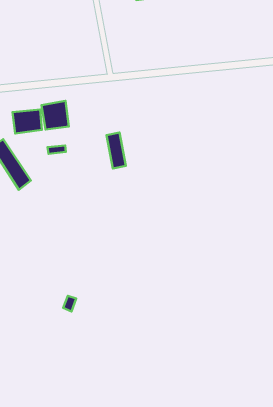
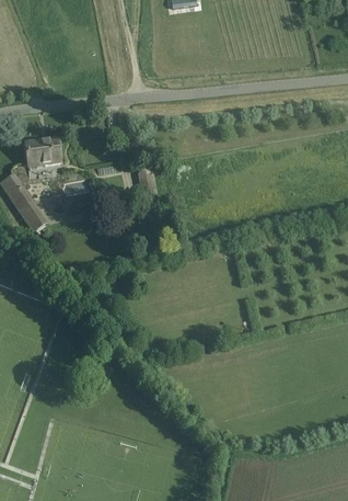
building: [42,101,69,129] -> none

